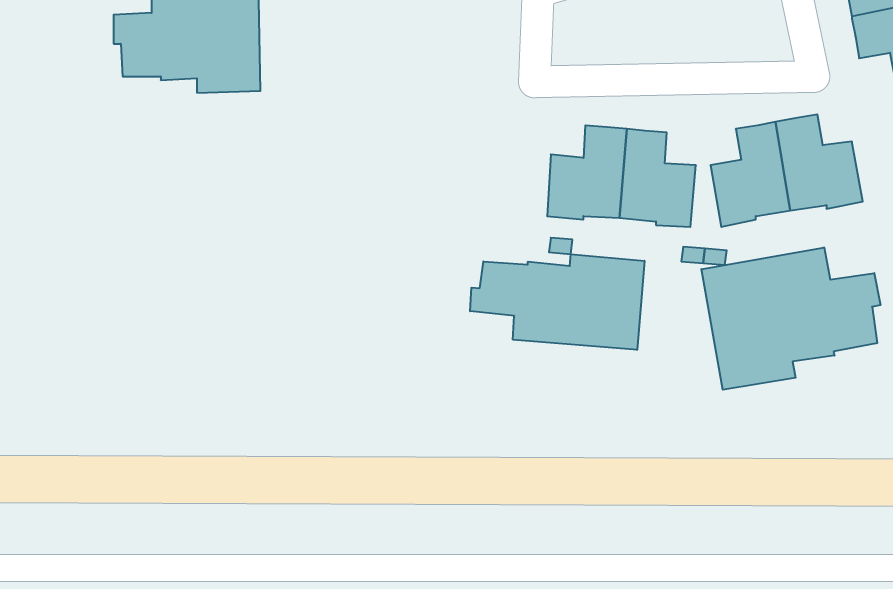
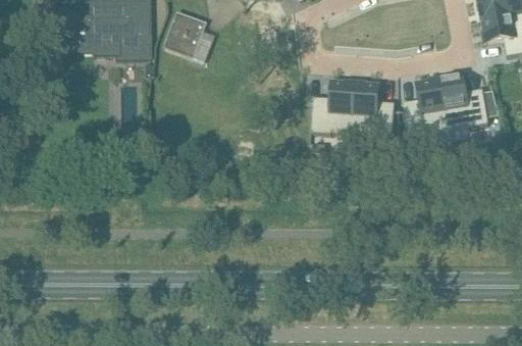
building: none -> [165,10,212,58]
building: [701,247,880,390] -> none
building: [470,254,644,350] -> none

